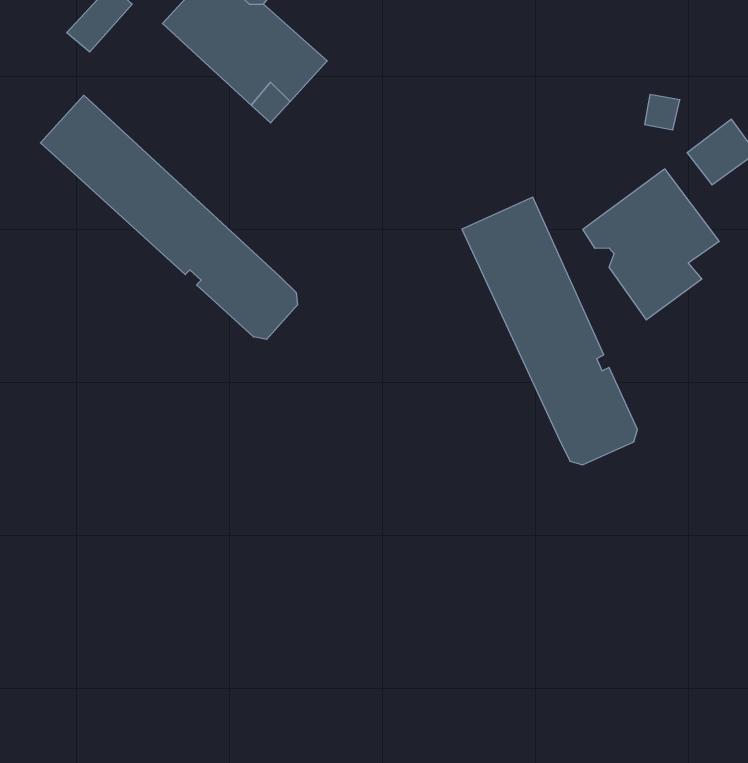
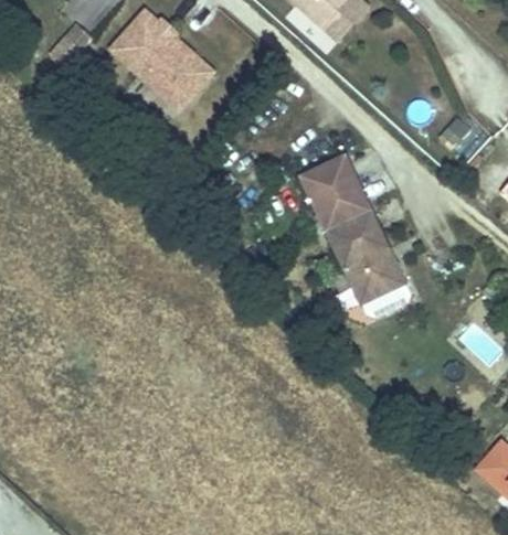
building: [40,95,298,339] -> none
building: [583,169,719,320] -> none

